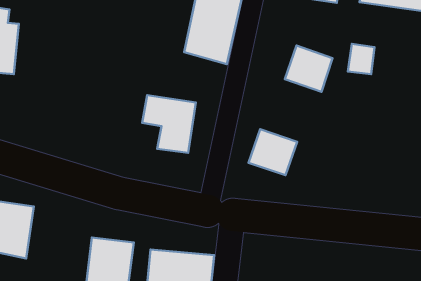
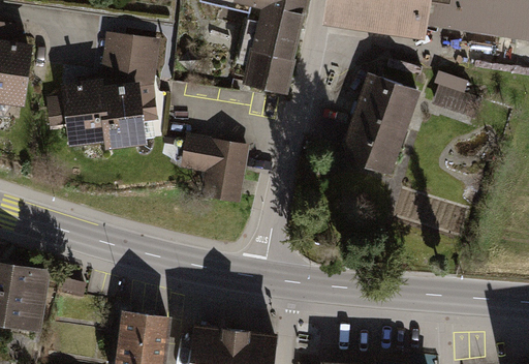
building: none -> [48,30,165,150]
building: [249,129,297,175] -> [343,113,403,170]

